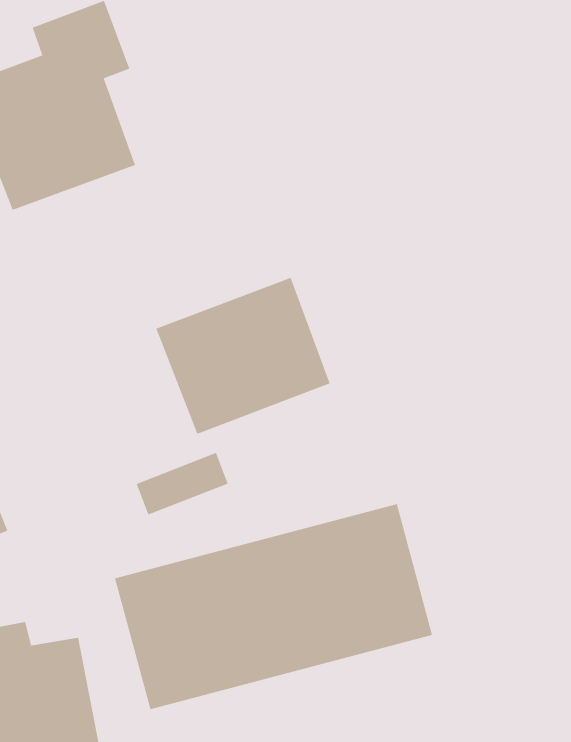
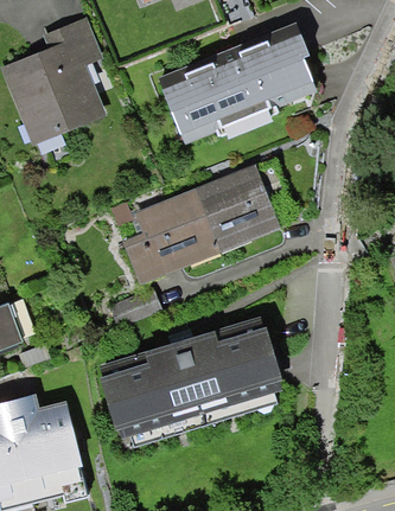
building: none -> [160,28,326,141]
building: none -> [200,162,282,248]

